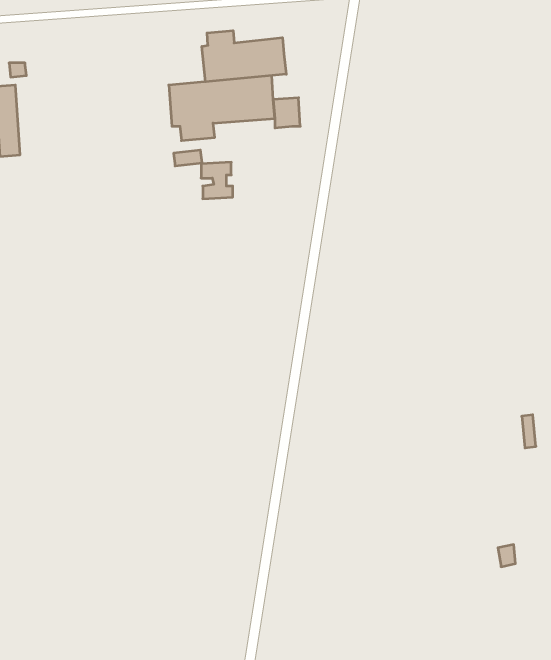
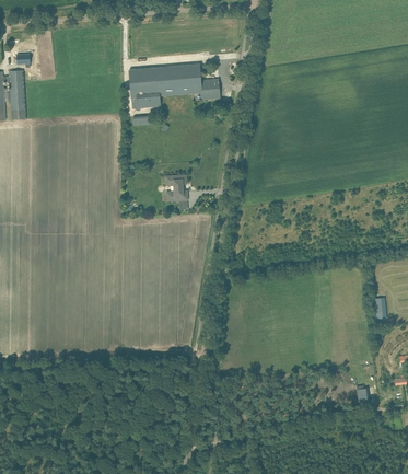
building: [202,31,286,82] -> none
building: [201,162,233,199] -> [164,174,186,199]

